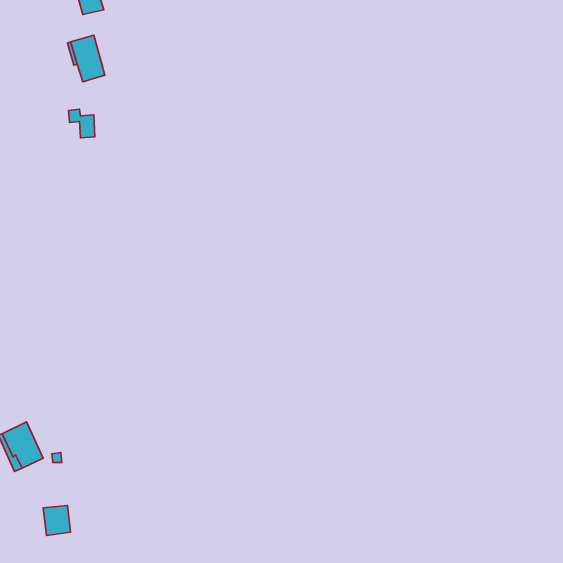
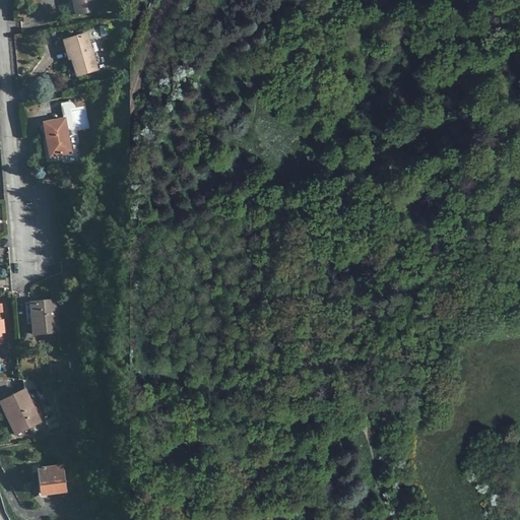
building: none -> [43,118,71,156]
building: none -> [30,300,57,332]

